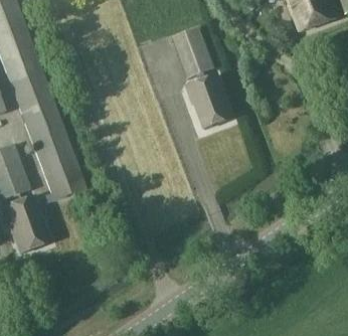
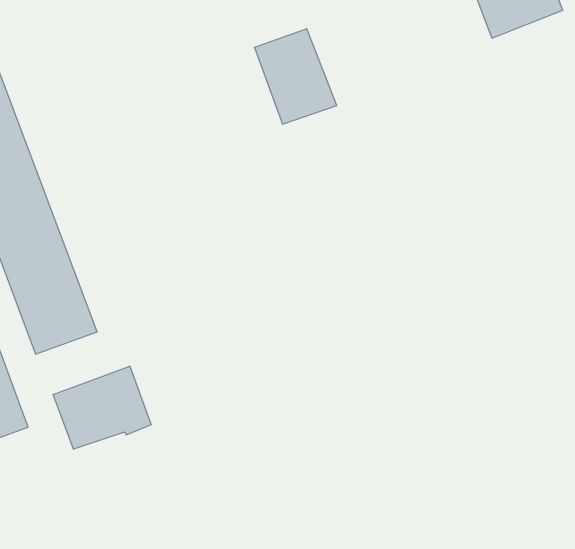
building: [186,73,234,128] -> none
building: none -> [53,366,151,449]

